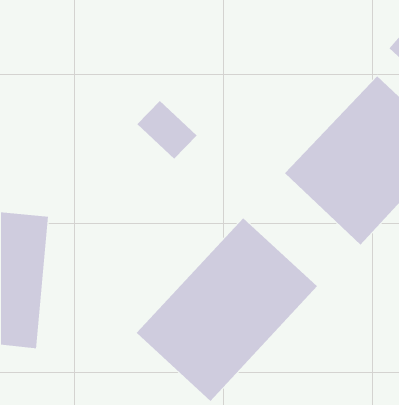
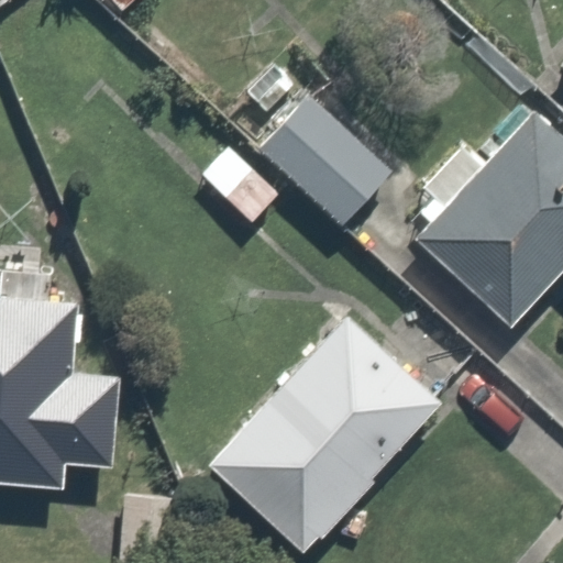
building: none -> [255,87,405,232]

